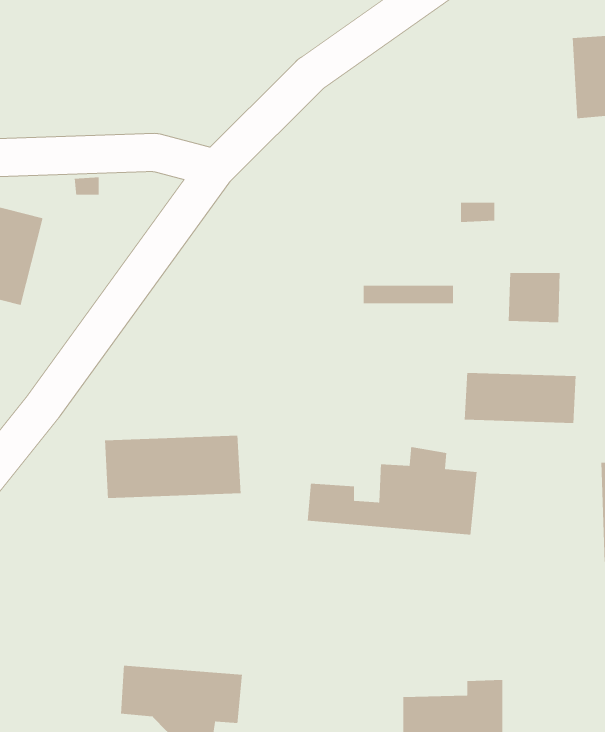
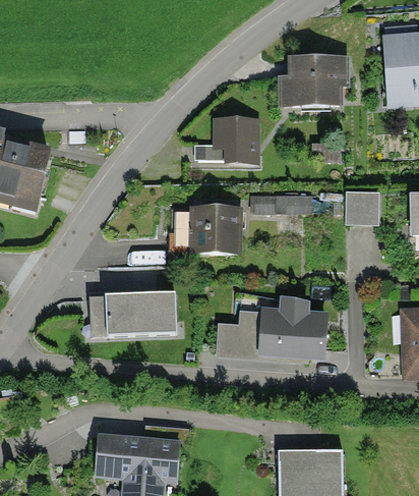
building: none -> [292,57,346,103]
building: none -> [195,118,260,165]
building: none -> [172,201,239,252]
building: [464,372,576,424] -> none

